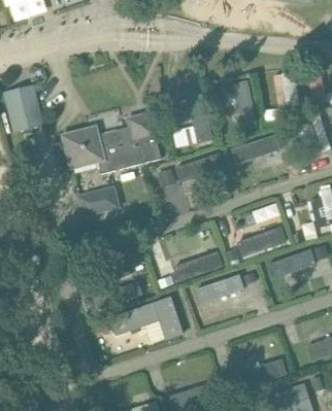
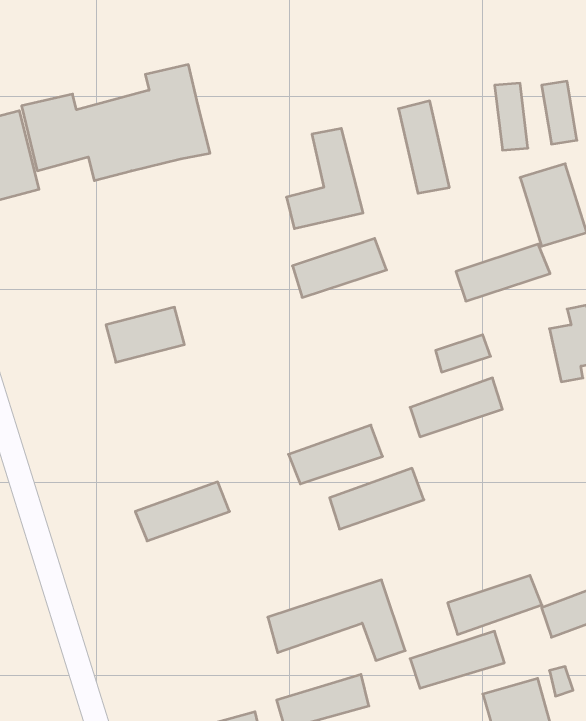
building: [62,113,161,174] -> [22,65,210,181]
building: [231,134,280,164] -> [456,244,550,301]
building: [266,248,316,279] -> [448,575,542,634]
building: [110,297,182,339] -> [268,580,405,660]

